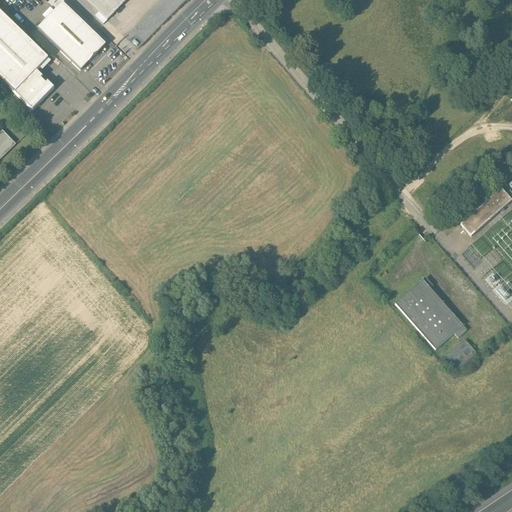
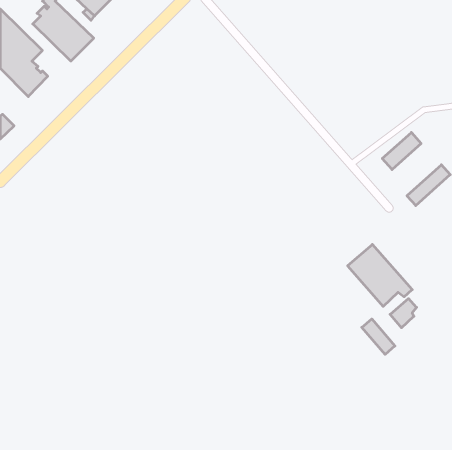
building: none -> [382,132,421,170]
building: none -> [362,319,395,354]

